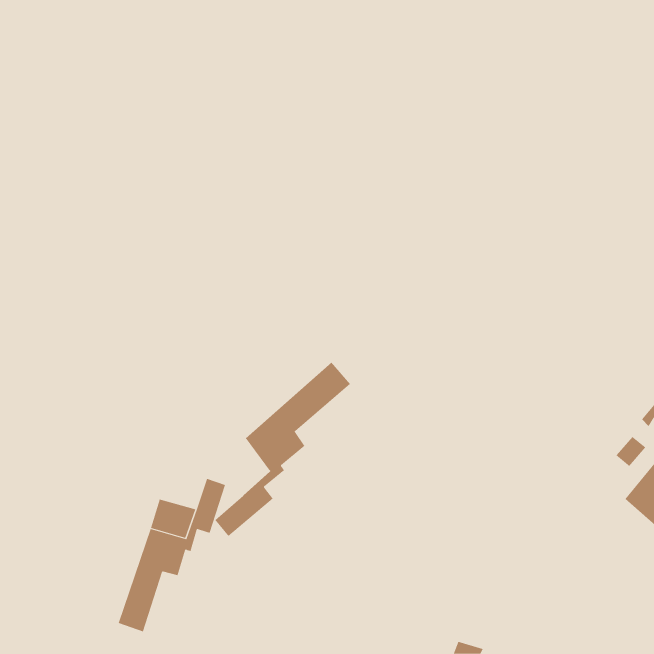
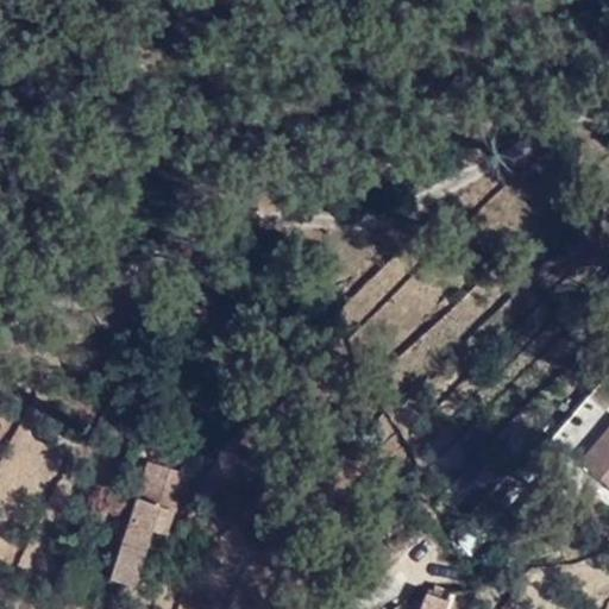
building: [215,362,351,537] -> none

